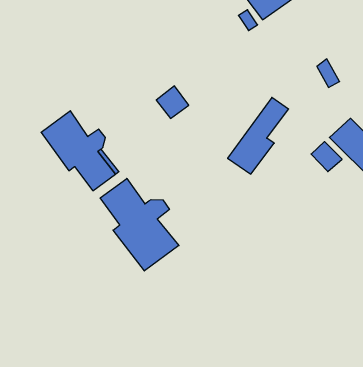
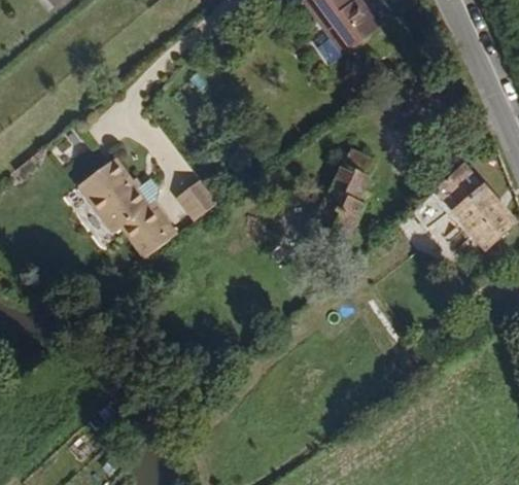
building: [156,86,189,118] -> [182,175,222,215]
building: [100,178,179,271] -> none

